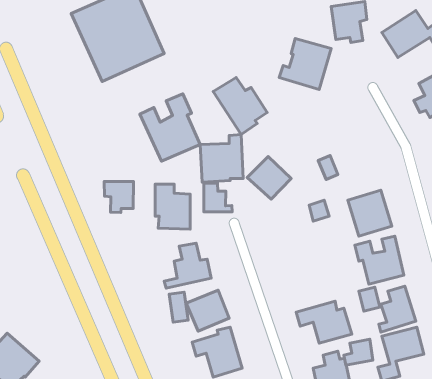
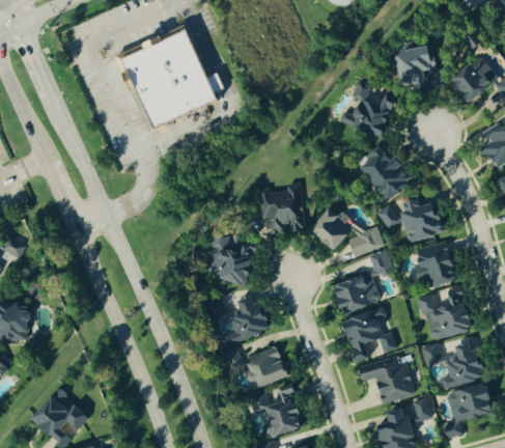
building: [213,77,267,134] -> [354,145,410,204]
building: [140,94,200,161] -> none
building: none -> [395,194,444,244]
building: none -> [347,228,385,257]
building: [104,182,133,212] -> none
building: [204,183,232,212] -> none
building: none -> [329,273,381,313]
building: none -> [340,307,398,361]

